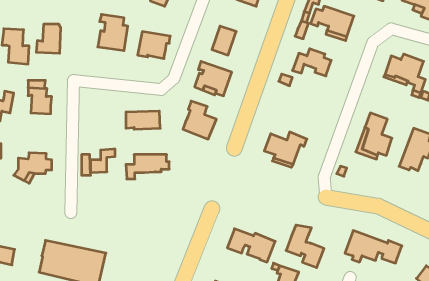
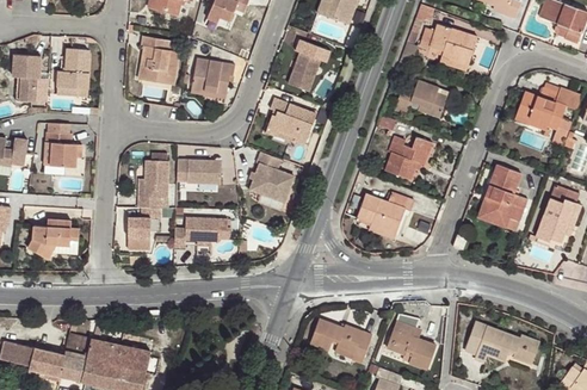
building: none -> [385,137,428,179]
building: none -> [138,159,166,215]
building: none -> [25,346,66,376]

